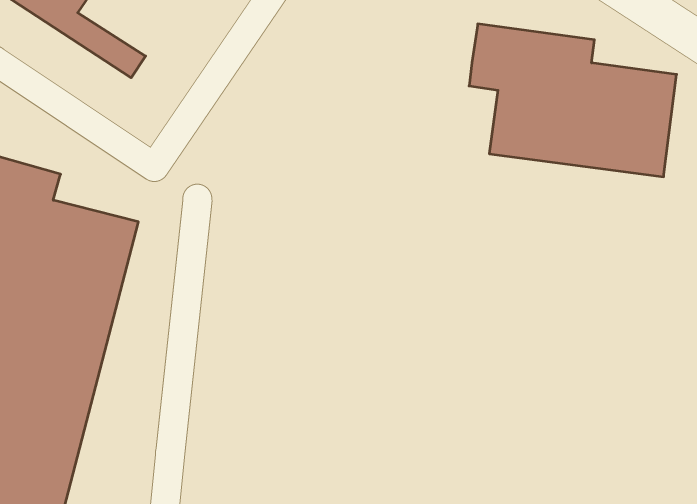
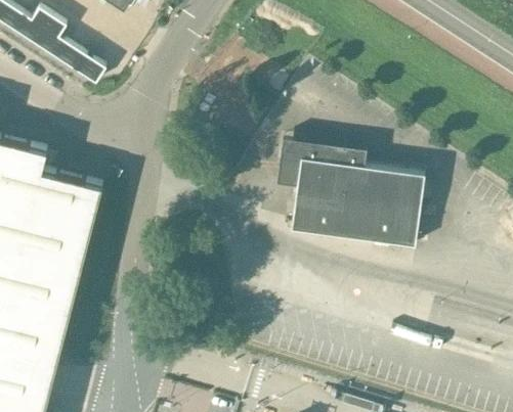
building: [469,24,677,177] -> [277,138,425,246]

